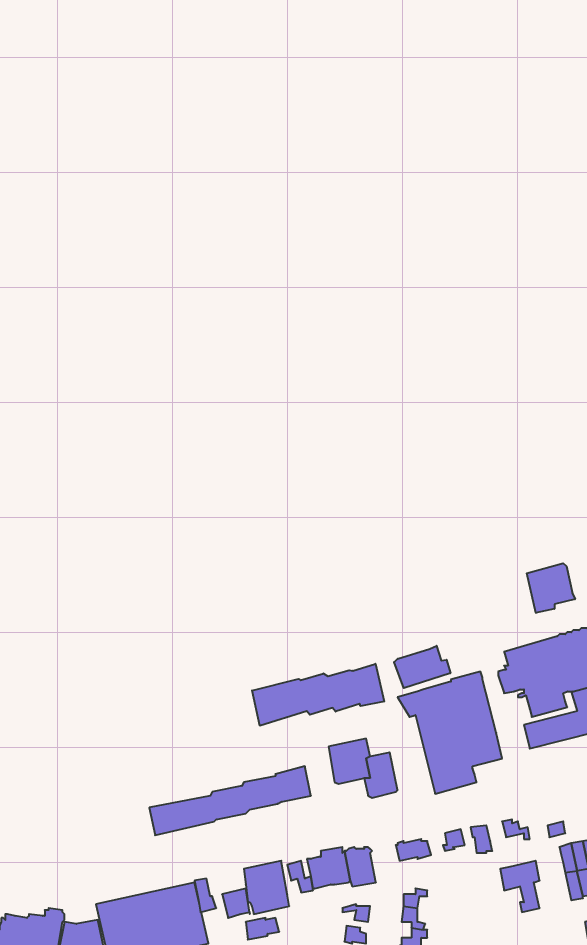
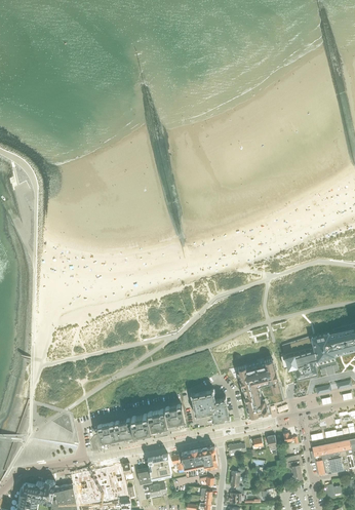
building: [527,563,575,613] -> none
building: [394,646,450,688] -> none
building: [252,664,384,726] -> none

